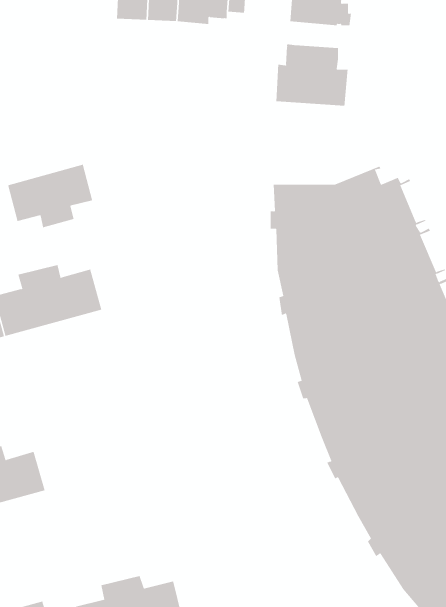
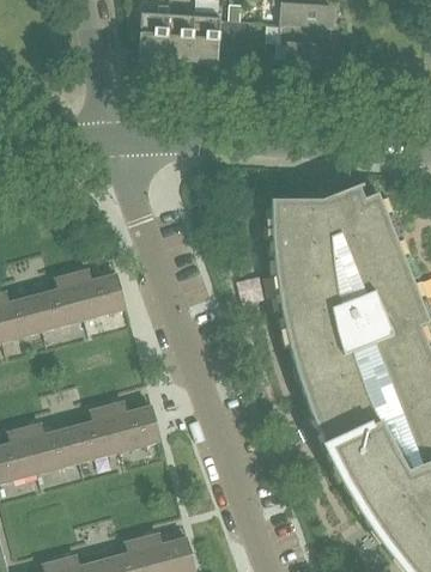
building: [276,44,348,107] -> none
building: [7,164,93,228] -> none
building: none -> [69,401,162,461]

